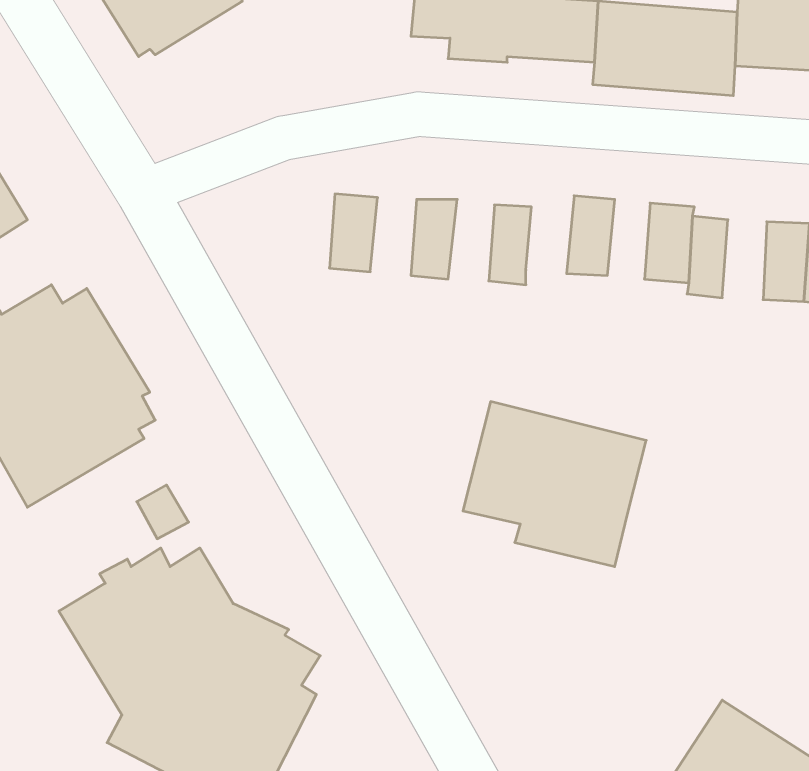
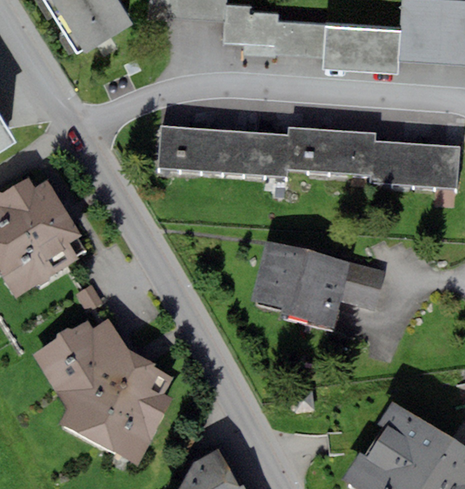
building: none -> [159,126,182,168]
building: none -> [285,127,311,171]
building: none -> [201,130,226,172]
building: none -> [243,131,268,175]
building: none -> [329,131,352,174]
building: none -> [391,142,415,185]
building: none -> [340,261,385,309]

